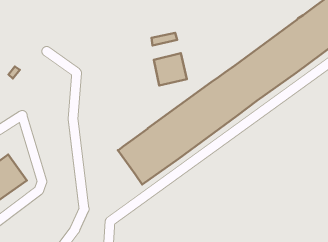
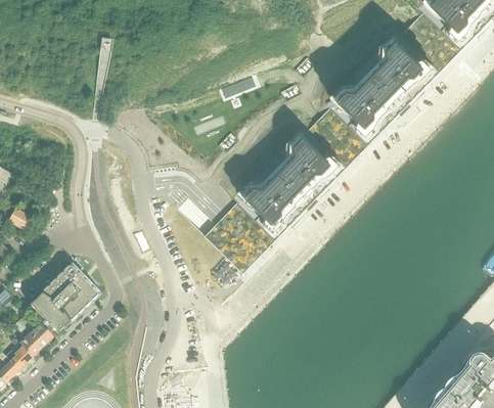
building: [154,53,187,86] -> none

